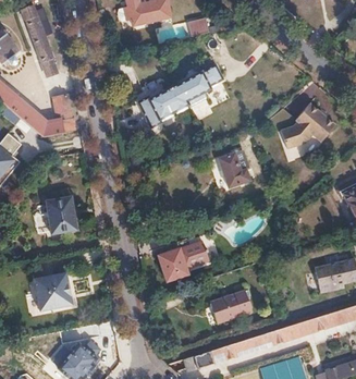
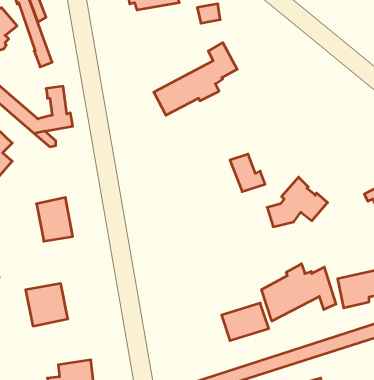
building: [282,102,336,147] -> [267,177,328,227]
building: [158,243,209,282] -> none
building: none -> [262,264,336,321]

